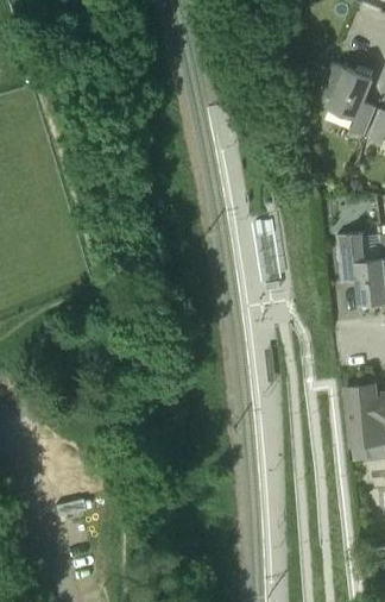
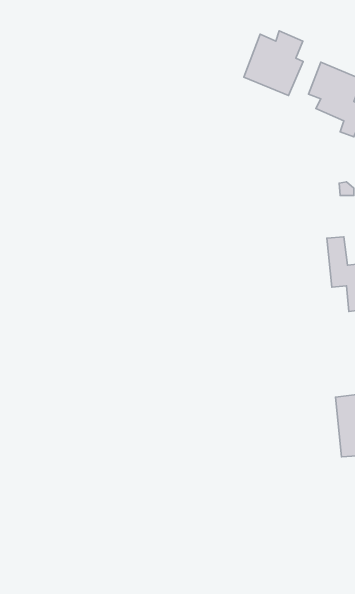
building: none -> [244,31,303,96]

